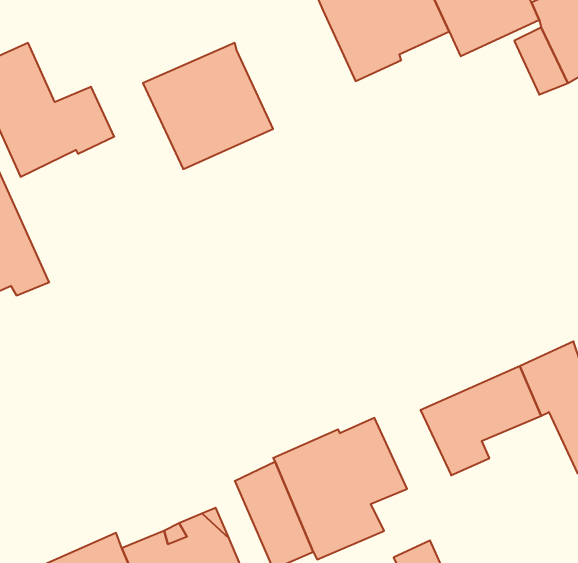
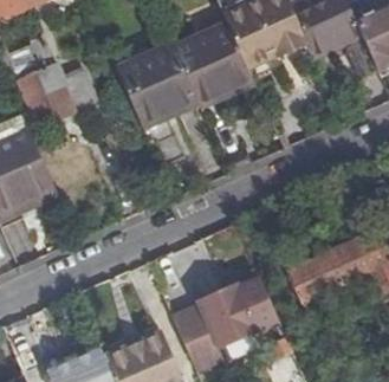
building: none -> [174,26,252,104]

